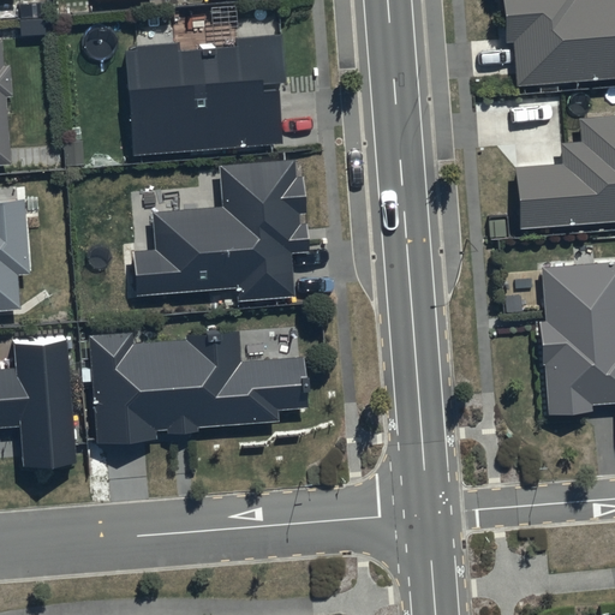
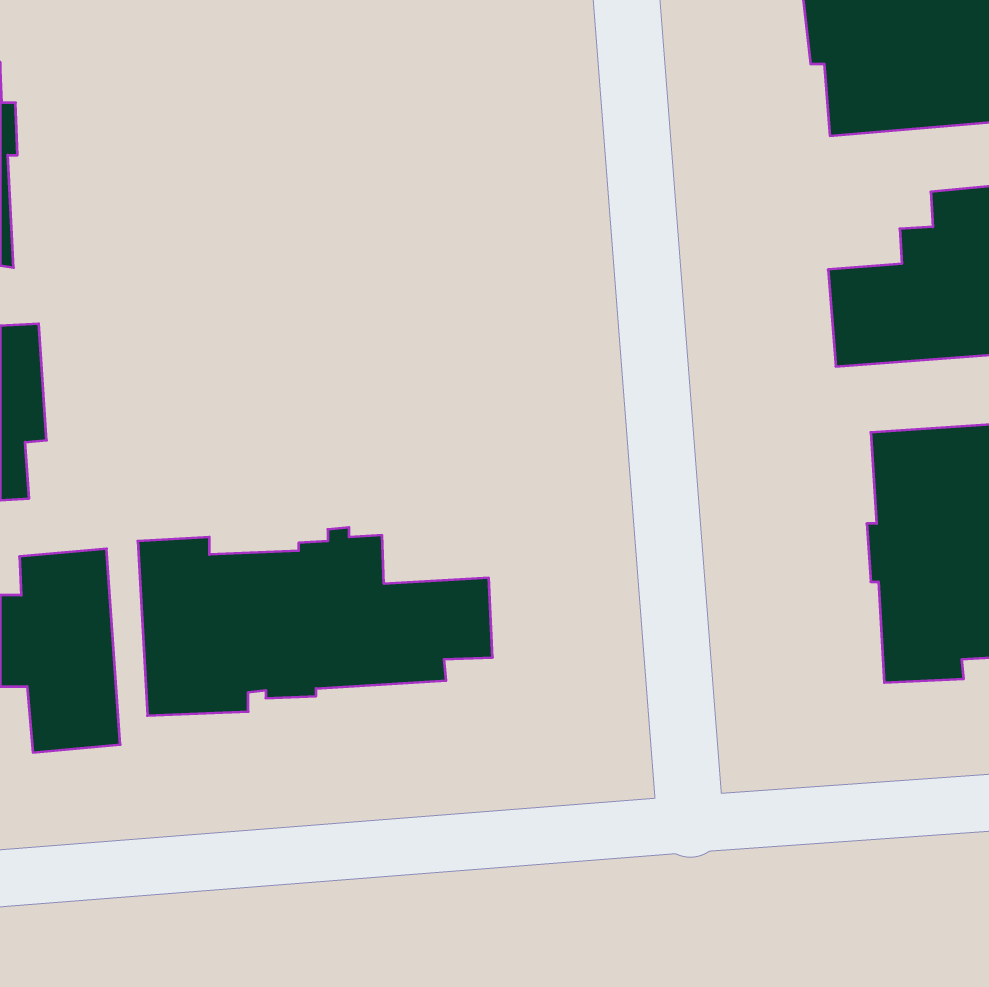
building: [124,36,283,154] -> none
building: [132,159,308,298] -> none

